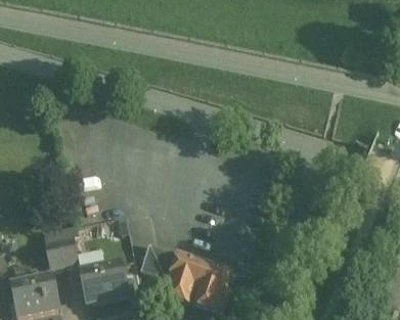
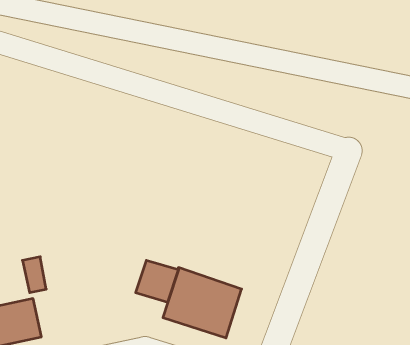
building: [56,227,79,269] -> none
building: [79,263,129,305] -> none

